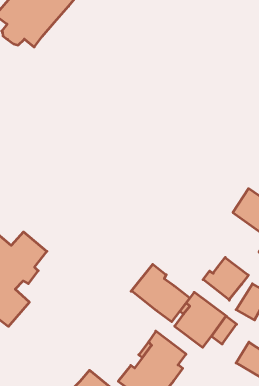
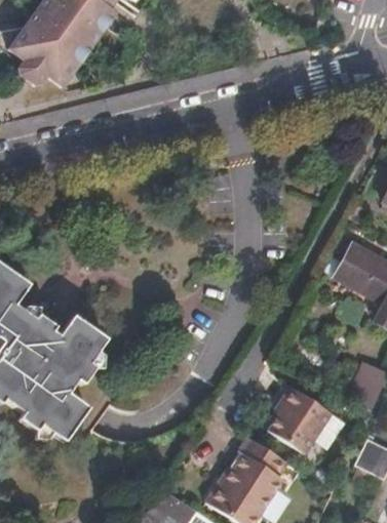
building: [203,257,248,300] -> none
building: [131,264,190,322] -> none

